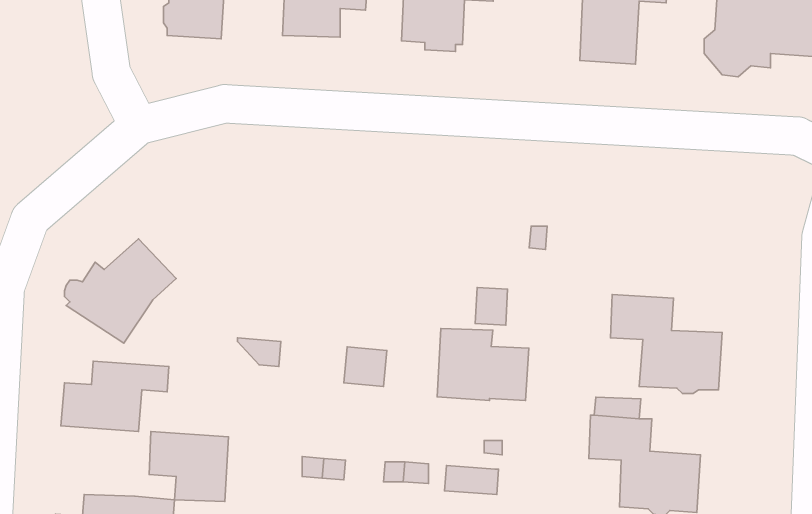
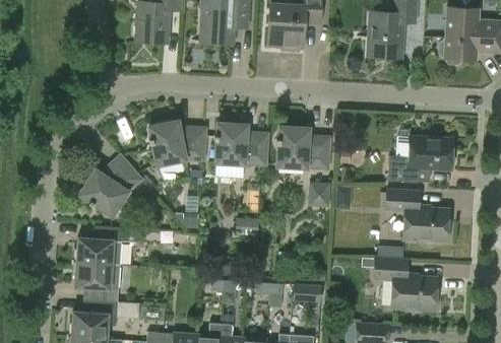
building: none -> [149,121,205,164]
building: none -> [215,123,267,164]
building: none -> [388,137,456,182]
building: [437,328,529,400] -> [277,127,329,167]
building: [149,431,228,502] -> [75,262,120,301]

